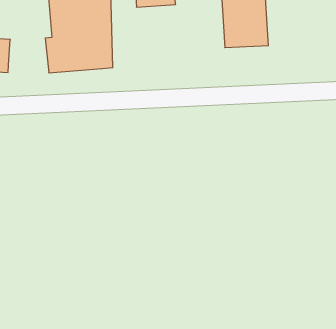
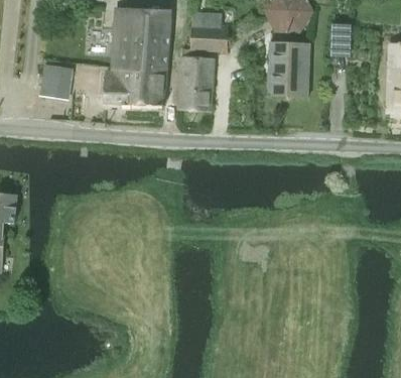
building: none -> [178,55,215,110]

